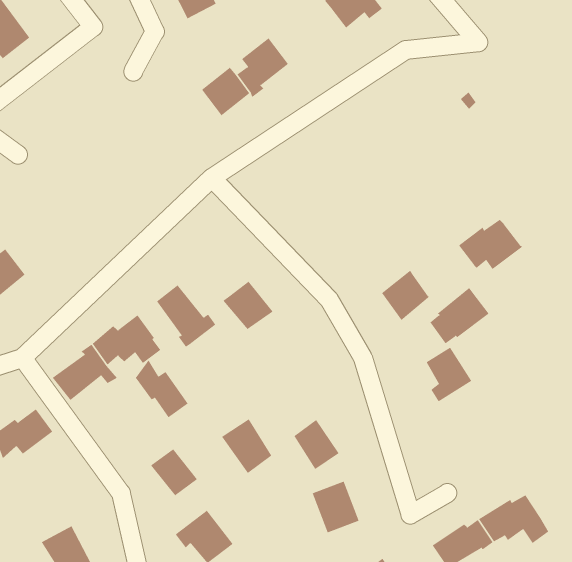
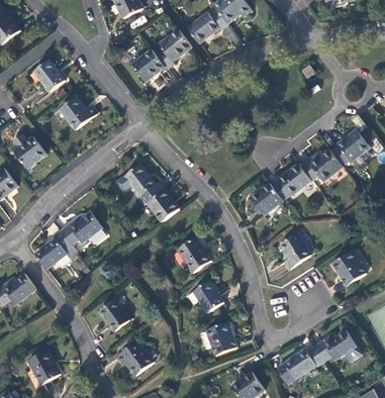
building: none -> [187,10,227,43]
building: none -> [33,60,65,91]
building: none -> [60,96,97,128]
building: none -> [331,129,370,166]
building: none -> [13,134,46,168]
building: [156,285,216,348] -> [124,163,164,204]
building: [430,287,490,344] -> [272,162,311,199]
building: [135,359,189,418] -> none
building: none -> [331,250,366,285]
building: [221,418,272,474] -> [177,236,210,273]

